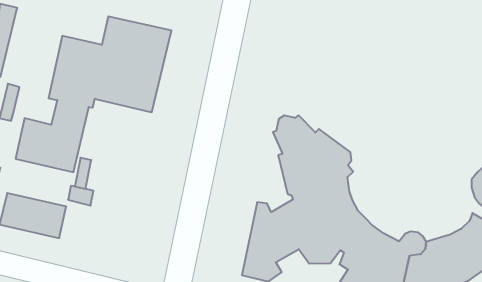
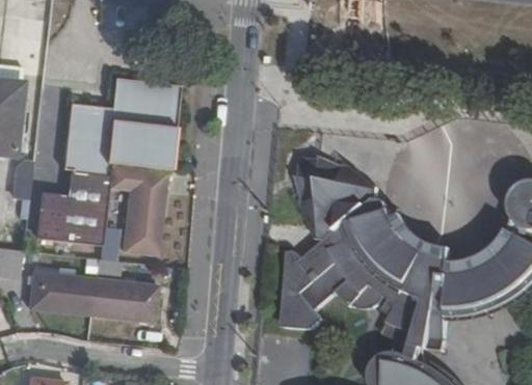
building: none -> [108,165,168,256]
building: none -> [381,213,452,272]
building: none -> [91,279,155,319]

